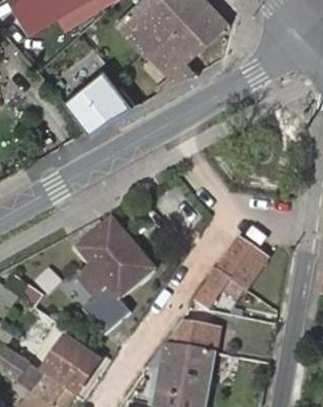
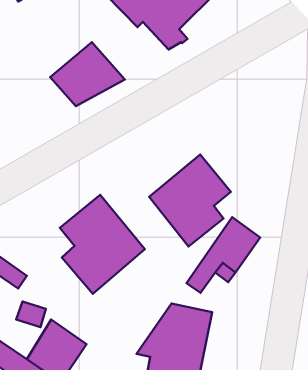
building: none -> [149,155,231,247]

